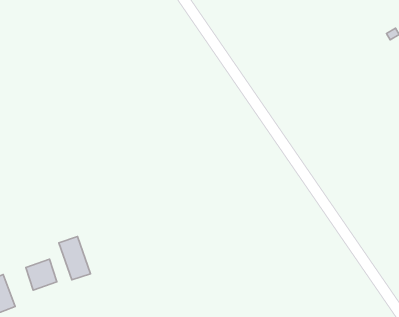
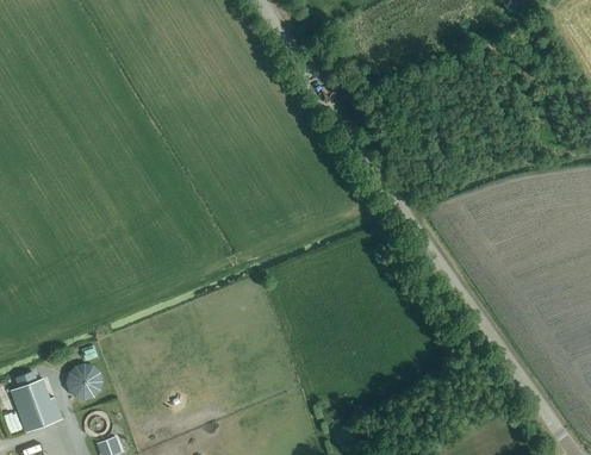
building: [59,237,90,280] -> none

